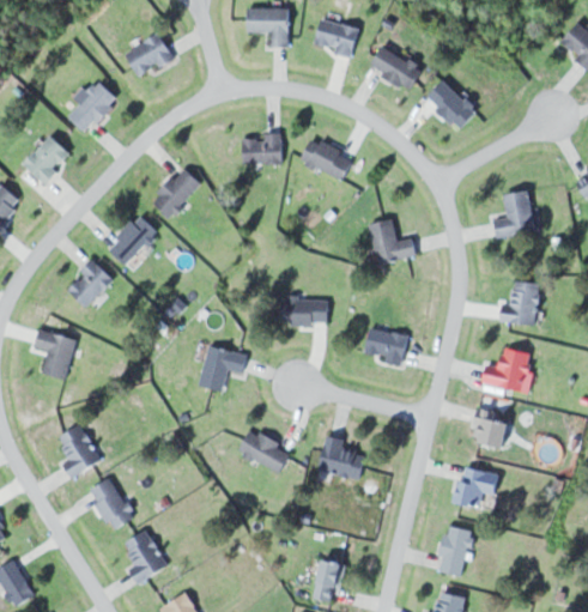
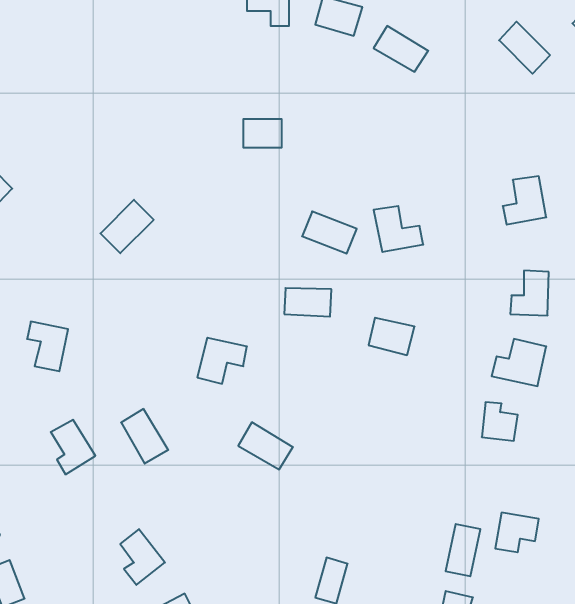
building: [125,34,172,78] -> none
building: [426,79,475,129] -> [499,22,550,74]
building: [67,81,117,132] -> none
building: [24,135,71,183] -> none
building: [301,138,353,178] -> [302,211,357,254]
building: [151,166,201,218] -> none
building: [65,260,111,307] -> none
building: [320,434,365,479] -> none
building: [456,467,498,505] -> [495,513,539,552]
building: [89,478,134,531] -> [121,409,168,464]

